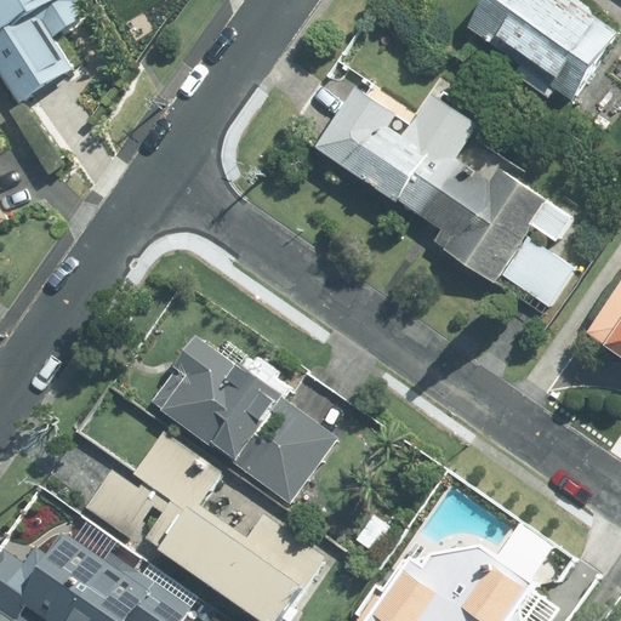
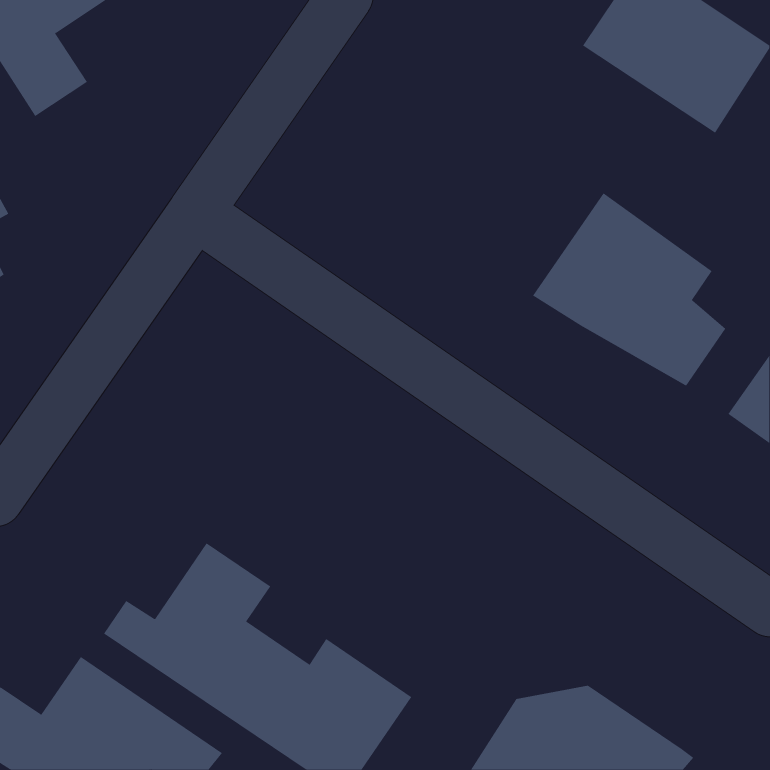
building: [308,81,483,237] -> none
building: [148,336,342,507] -> none

